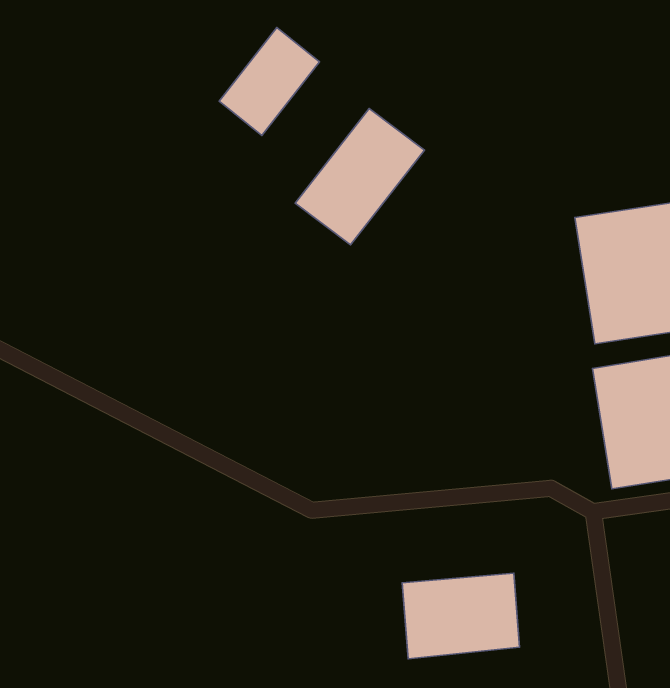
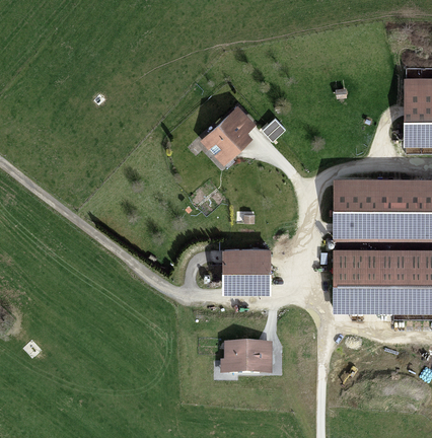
building: [219,27,319,135] -> none
building: none -> [217,250,269,296]

